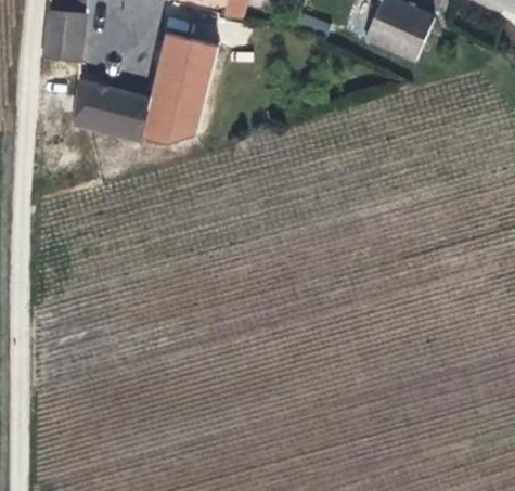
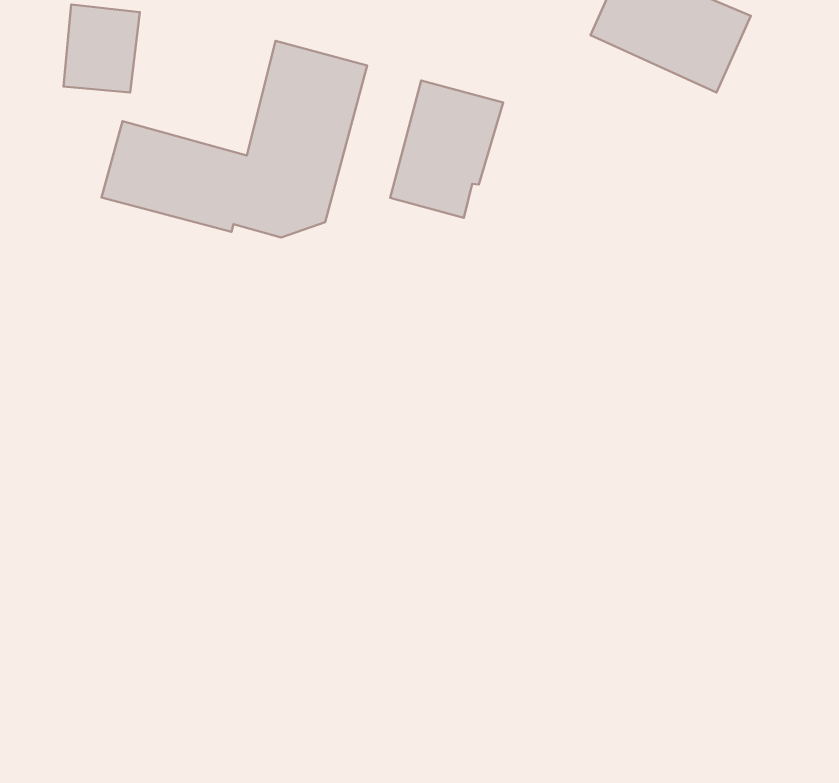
building: none -> [390,80,503,218]

